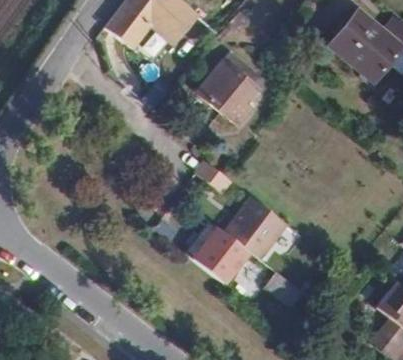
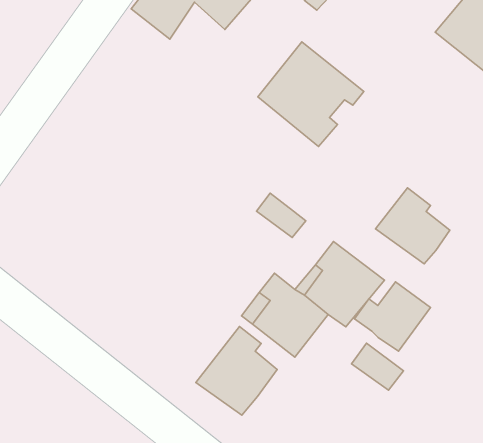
building: none -> [376,188,450,264]
building: none -> [354,282,431,351]
building: none -> [196,327,277,415]

